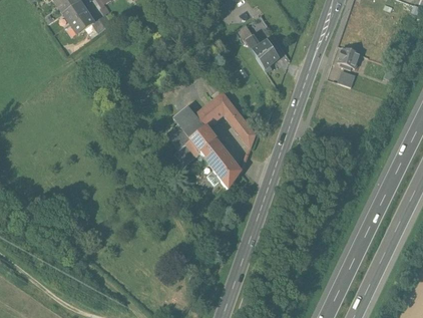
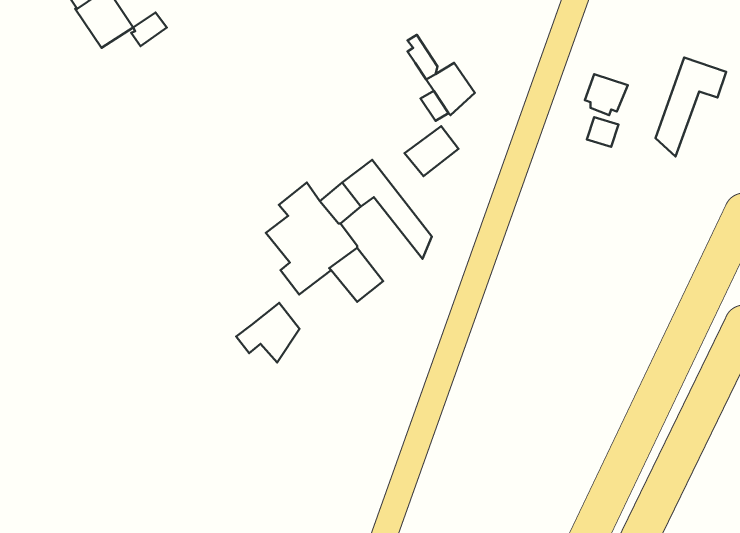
building: none -> [655,58,726,157]
building: none -> [404,126,459,176]
building: [206,156,241,189] -> [236,303,300,362]

